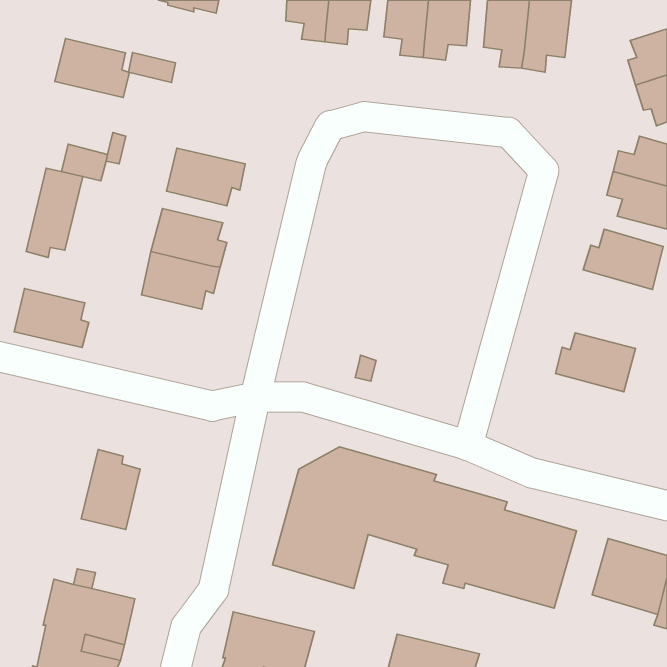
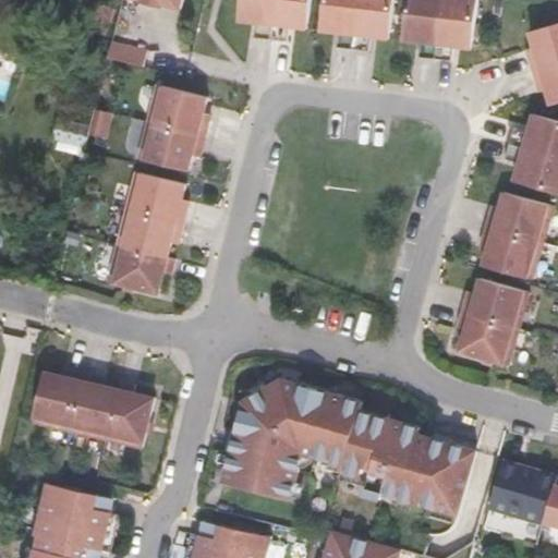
building: [55,38,130,97] -> [147,89,209,138]
building: [26,168,83,257] -> none
building: none -> [480,227,543,278]
building: [14,288,89,347] -> [109,247,171,296]
building: none -> [457,313,519,364]
building: none -> [32,372,82,434]
building: none -> [105,389,154,451]

